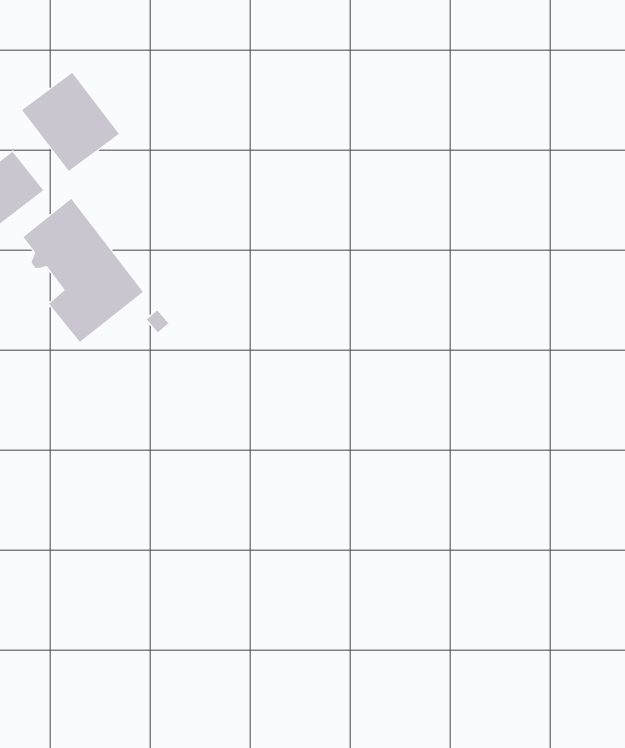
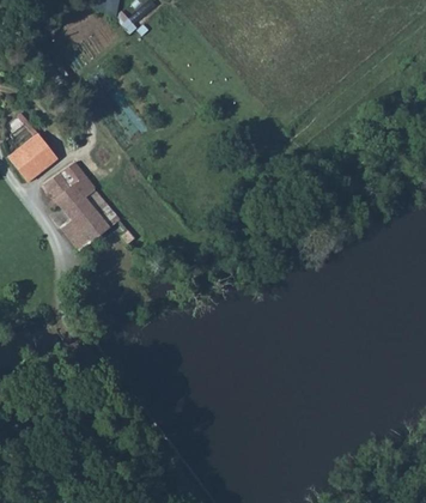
building: [21,72,120,172] -> none

